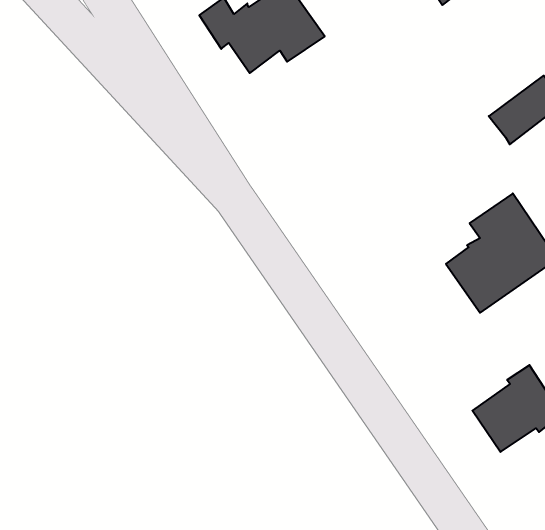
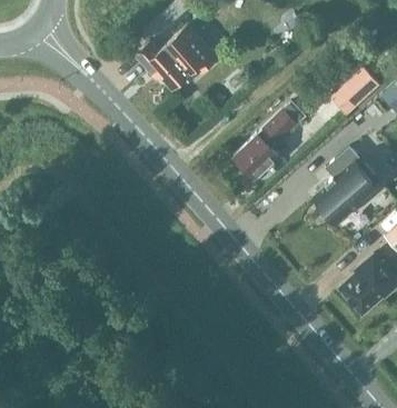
building: none -> [235,103,304,177]

